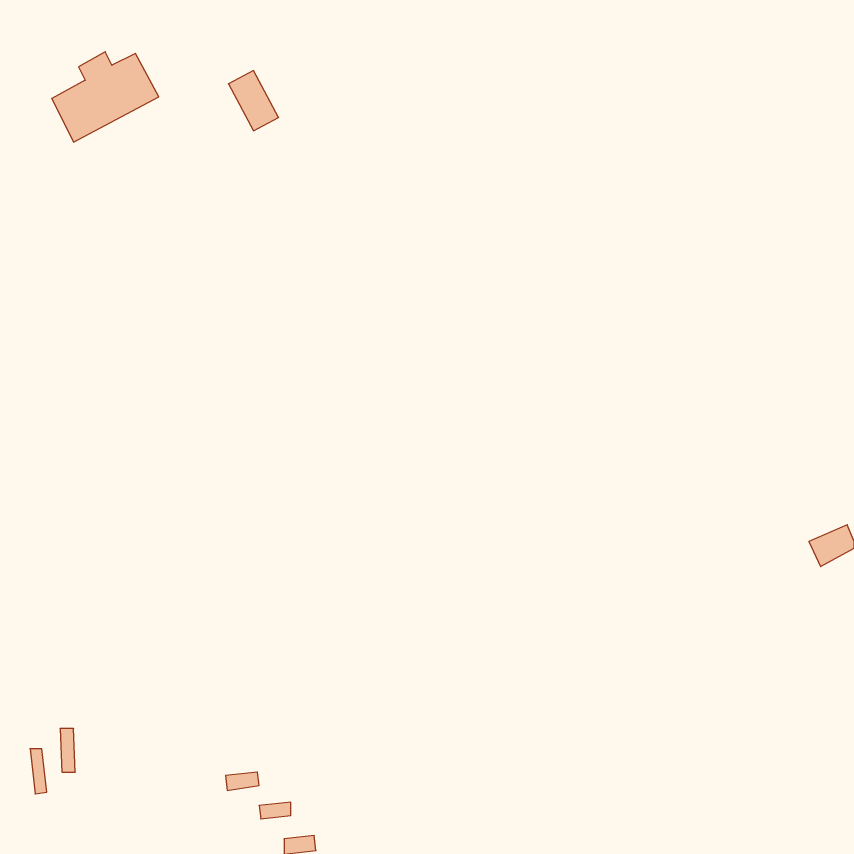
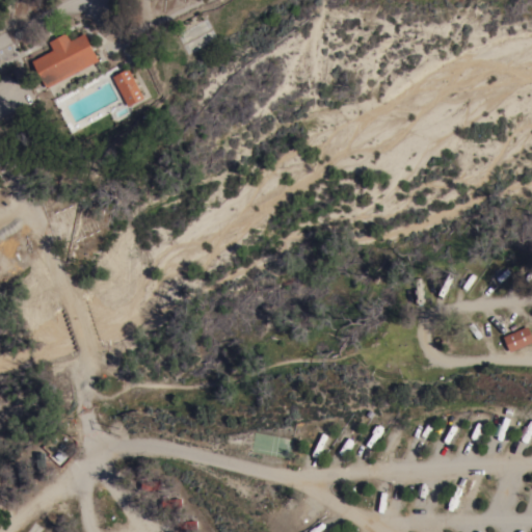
building: [228,71,279,131] -> [112,69,143,106]

